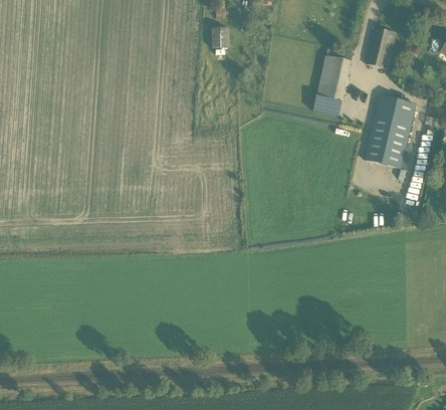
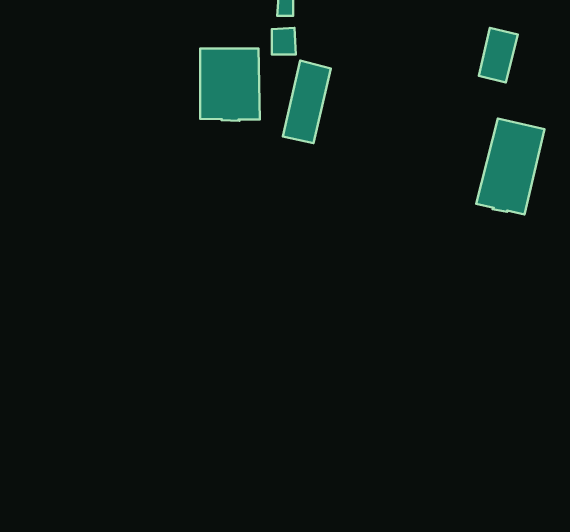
building: none -> [200,48,260,121]
building: [313,53,350,116] -> [283,61,331,143]

